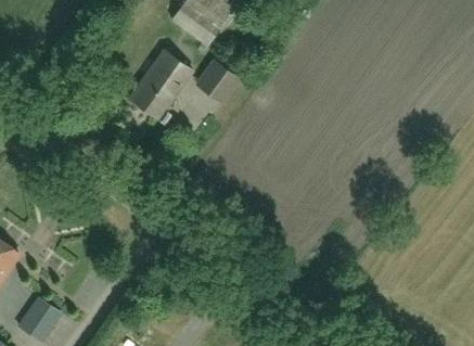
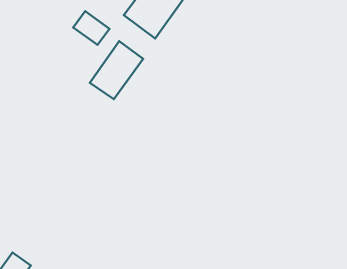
building: none -> [73,11,110,45]
building: [196,61,240,102] -> none

